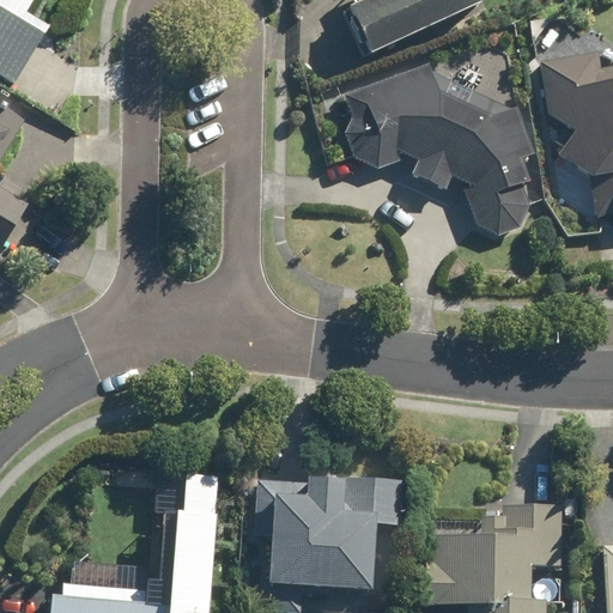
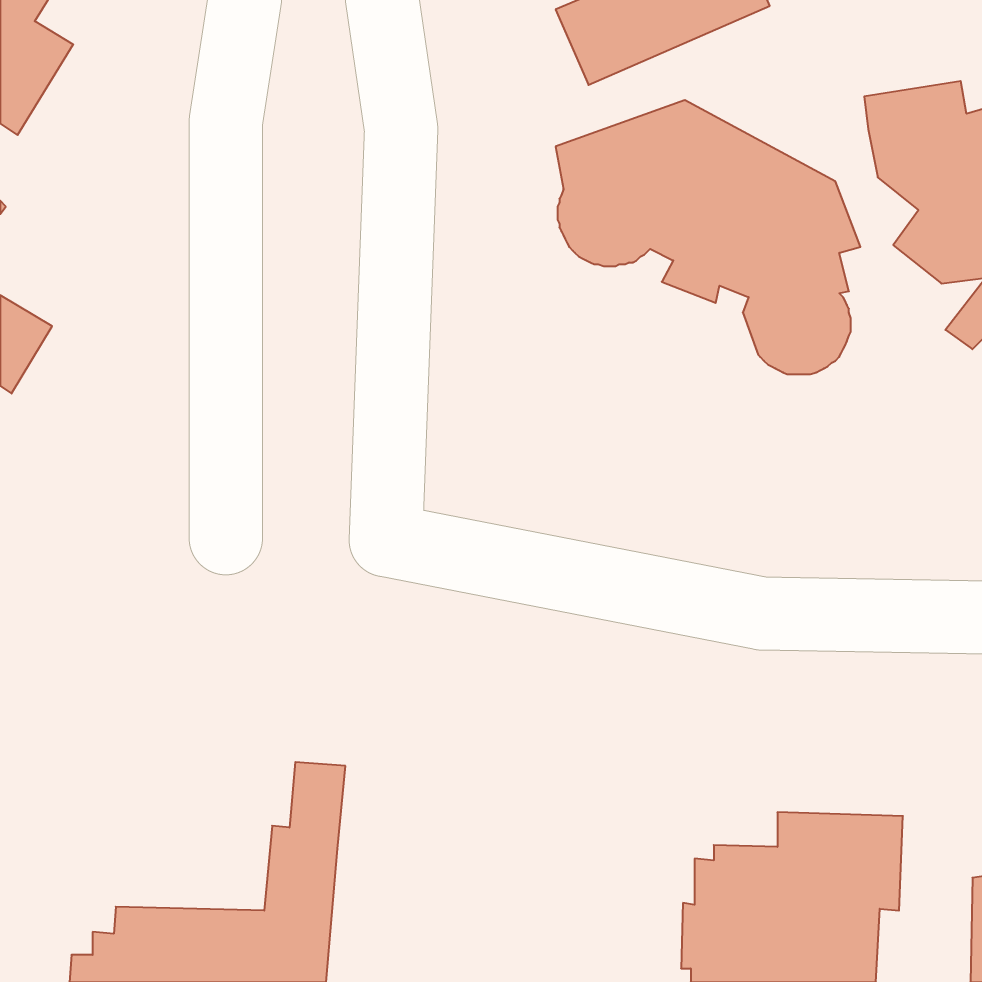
building: [251,478,402,589] -> none

